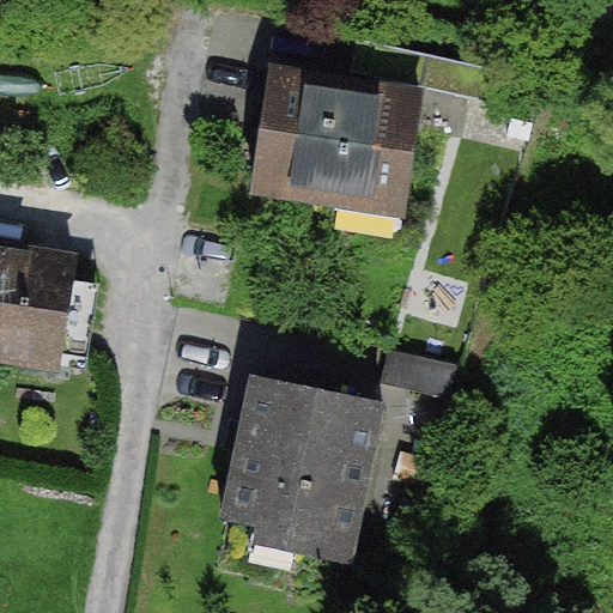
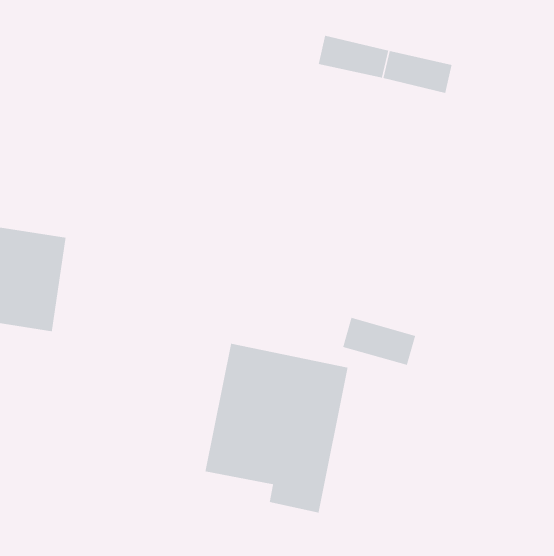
building: [254,75,418,216] -> none

